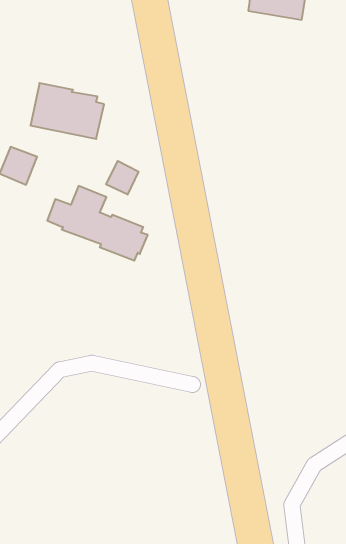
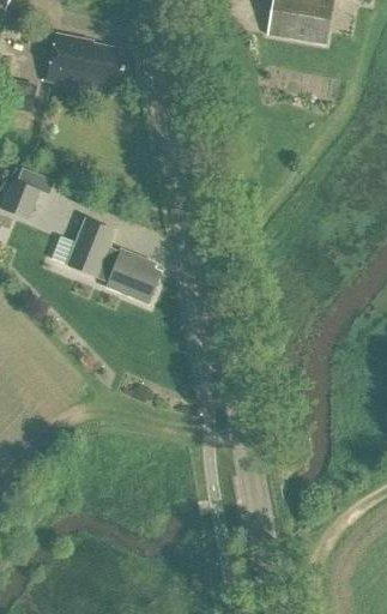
building: [30,83,104,139] -> [48,32,127,92]
building: [106,161,138,195] -> none

